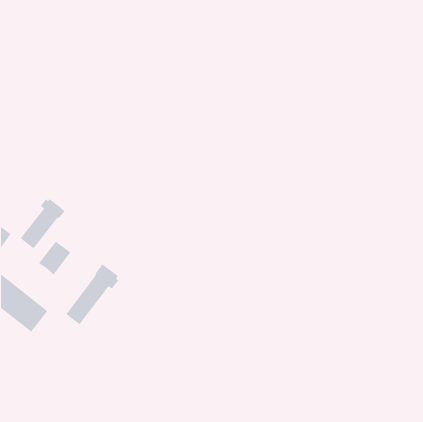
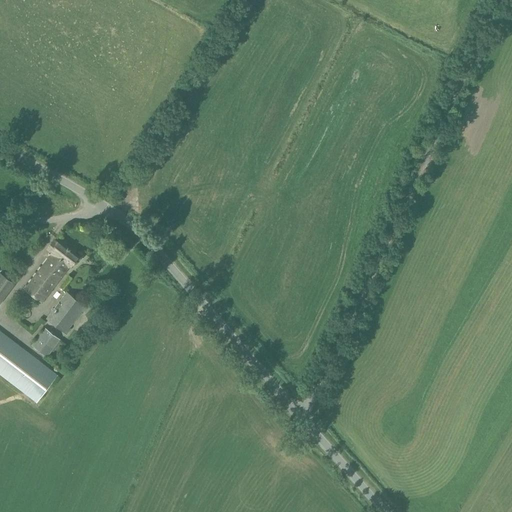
building: [66,264,119,325] -> none
building: none -> [32,328,60,357]

